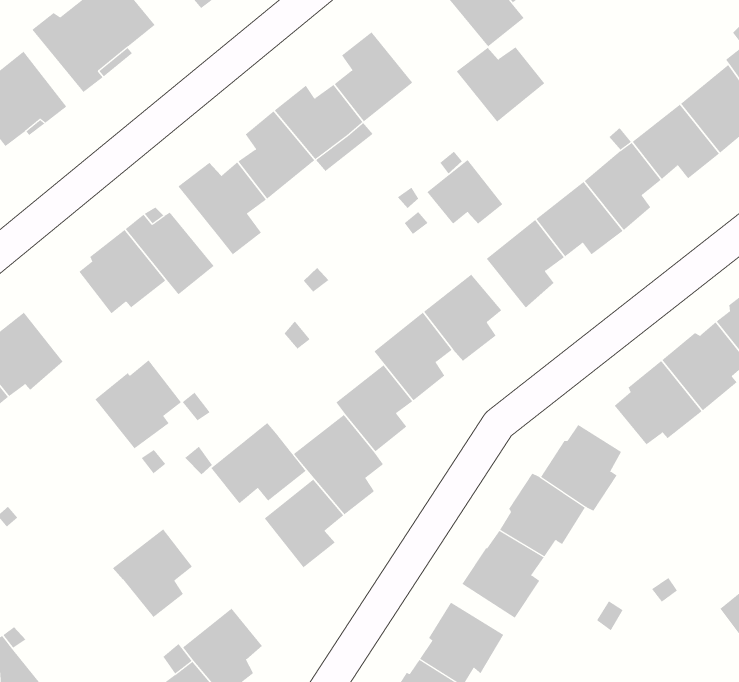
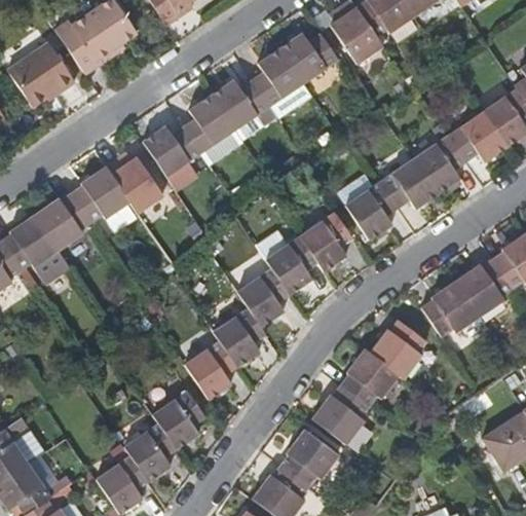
building: [456,47,545,123] -> [280,33,339,83]
building: [427,159,503,225] -> none
building: [95,360,182,449] -> [36,191,93,250]
building: [211,422,306,504] -> none
building: [112,528,193,618] -> [152,390,205,448]

